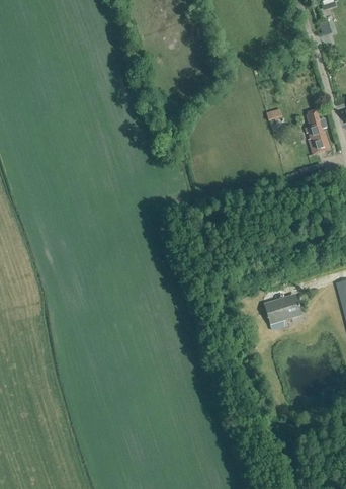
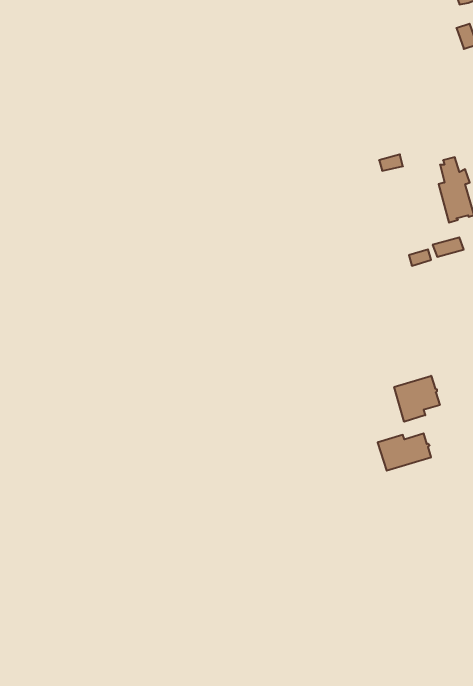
building: none -> [394,376,440,422]

